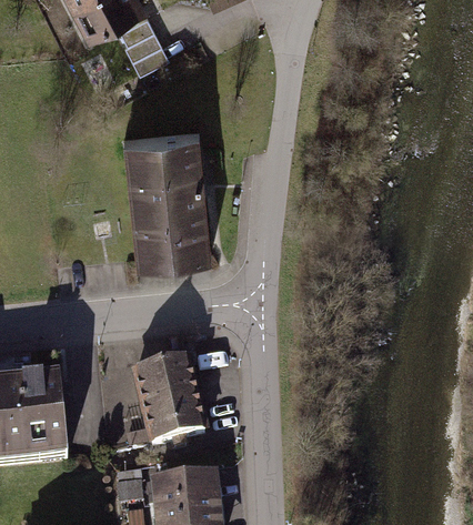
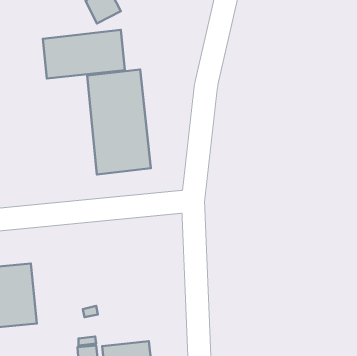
building: none -> [43,30,125,79]
building: [132,359,200,441] -> none

